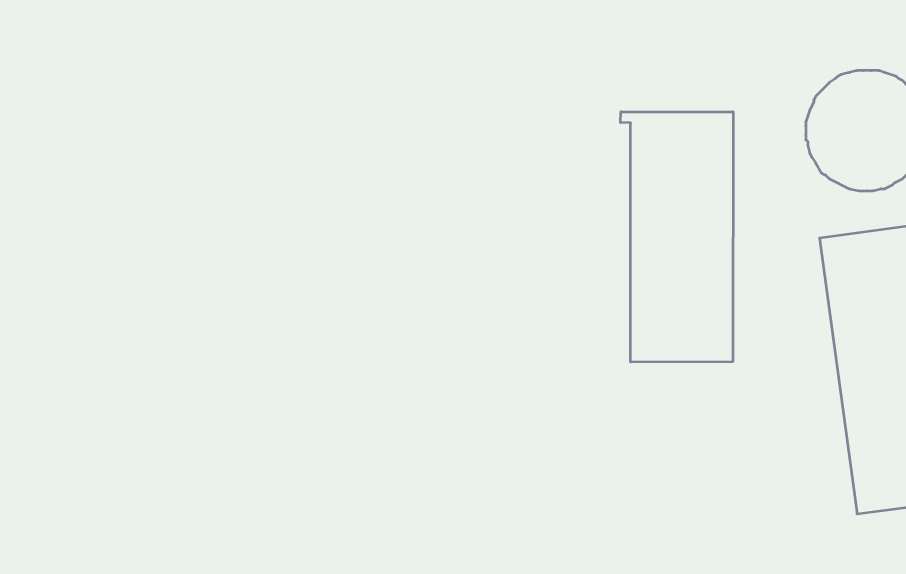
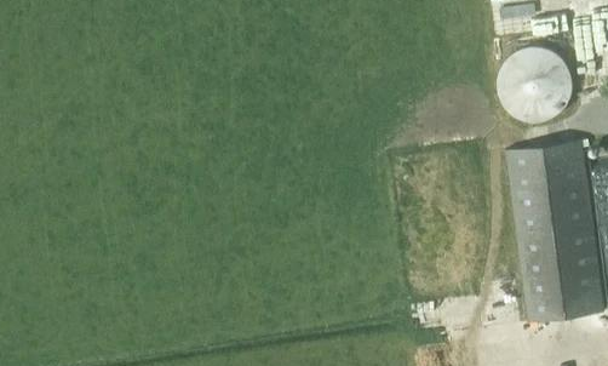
building: [621,112,733,362] -> none

